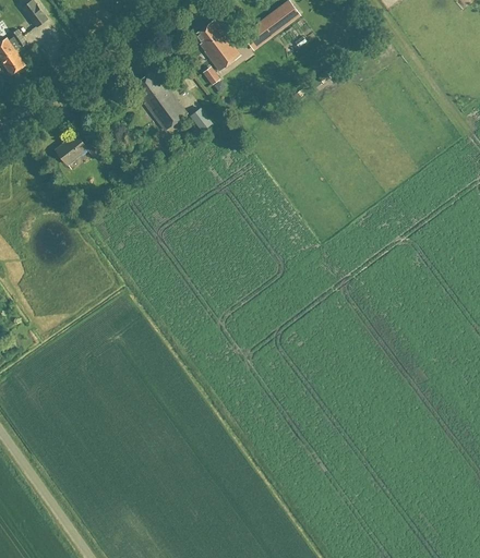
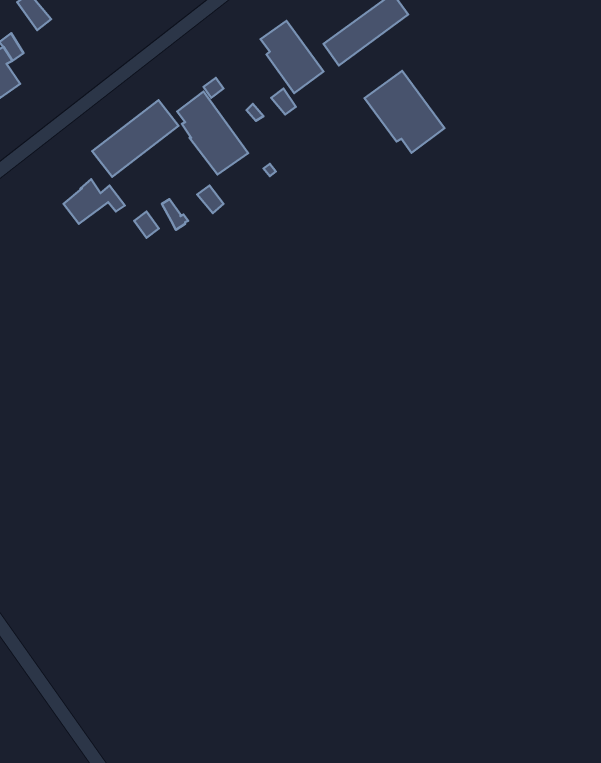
building: none -> [364,71,444,153]
building: none -> [92,100,178,177]

